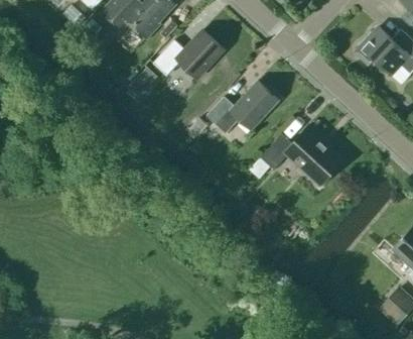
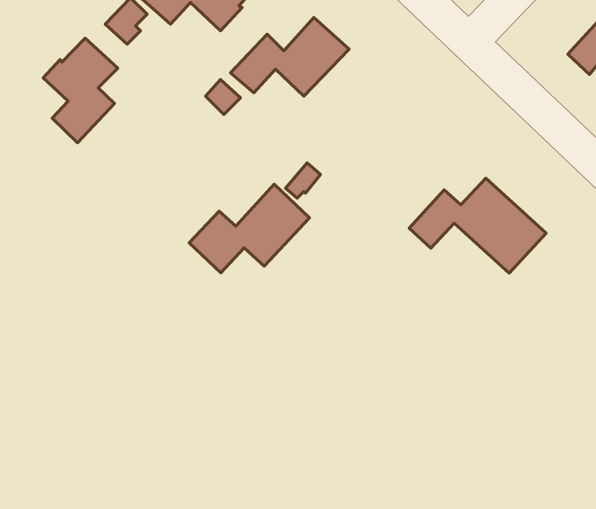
building: none -> [43,38,118,143]
building: [205,81,278,134] -> [189,184,309,273]

